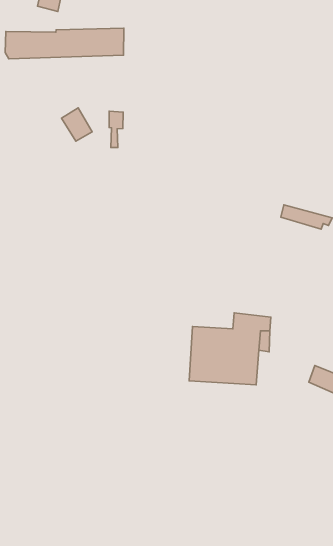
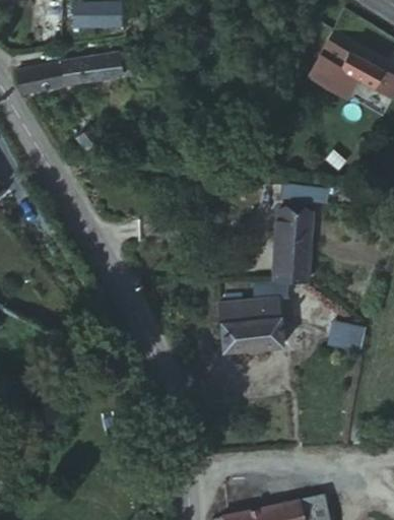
building: none -> [273,212,310,281]

